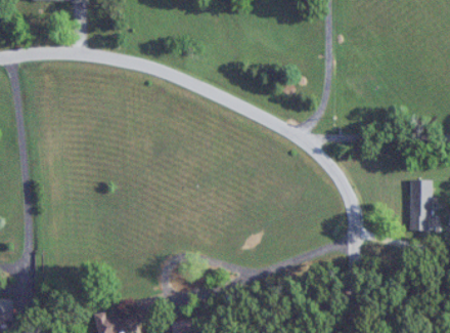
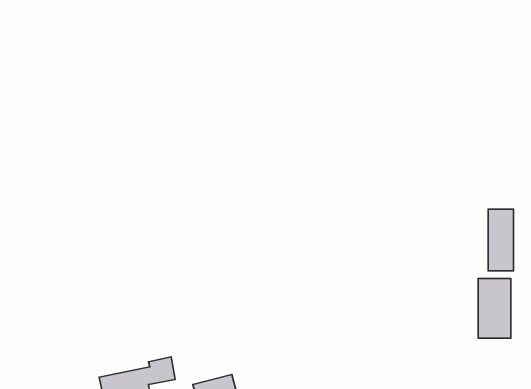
building: none -> [478,278,511,338]

